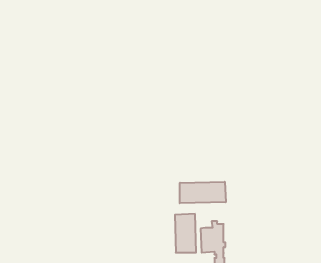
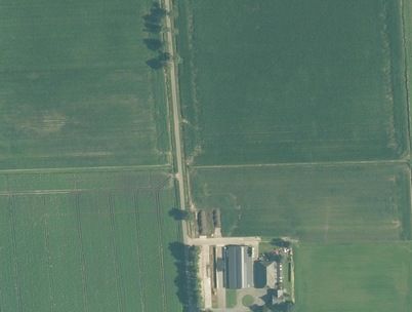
building: [180,182,226,203] -> none

